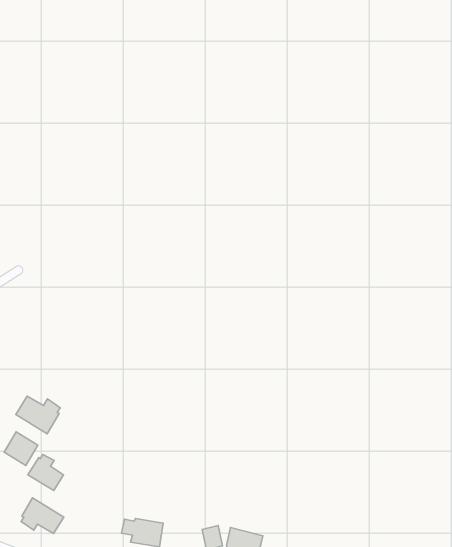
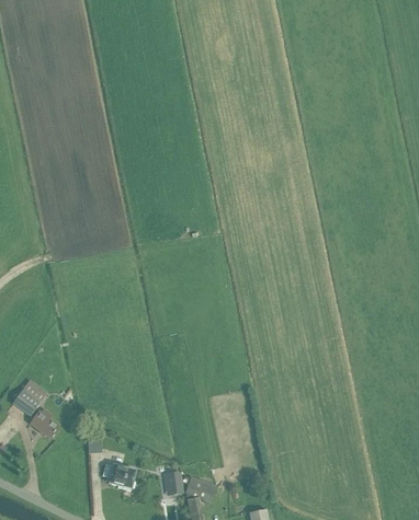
building: [16,396,60,434] -> none
building: [21,498,64,534] -> none

